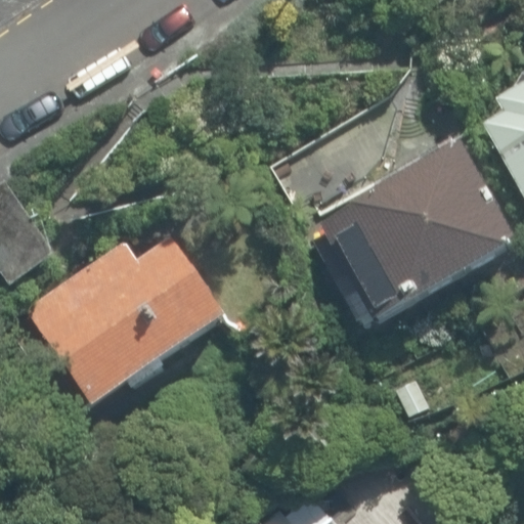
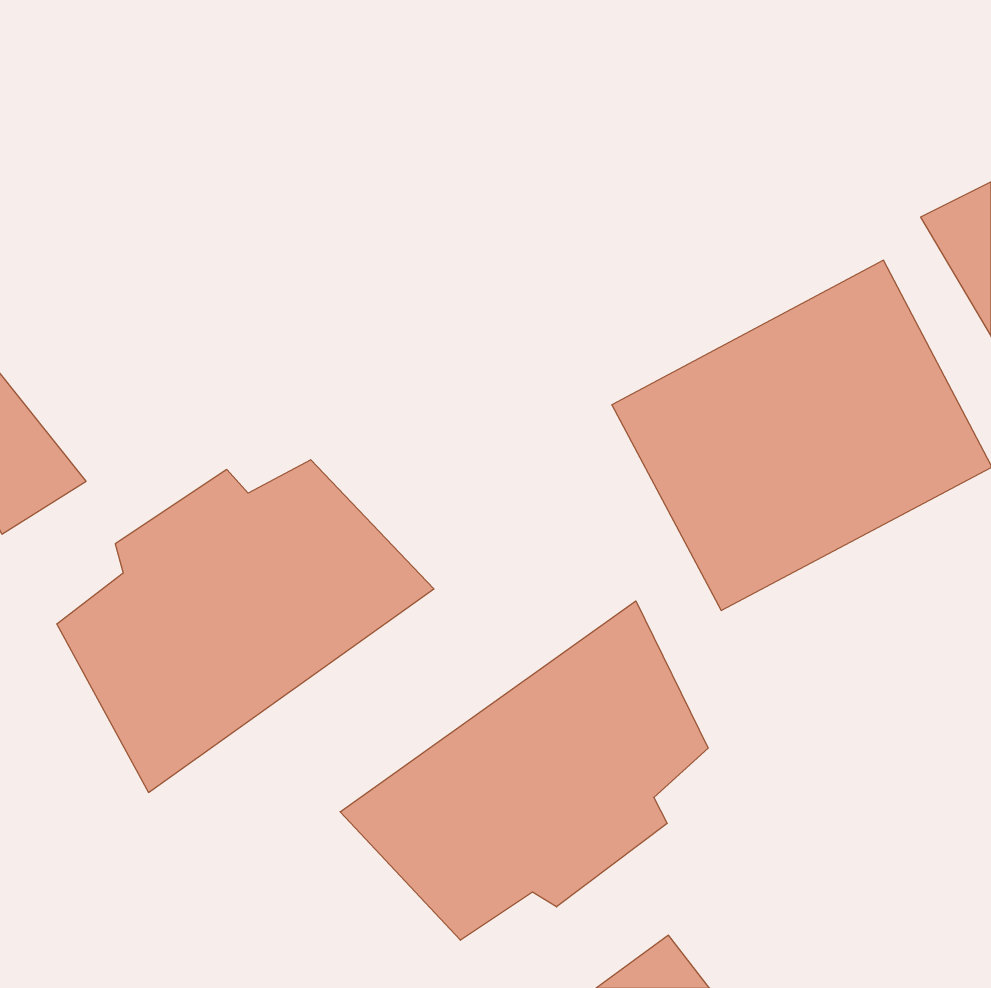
building: none -> [340,601,708,940]

